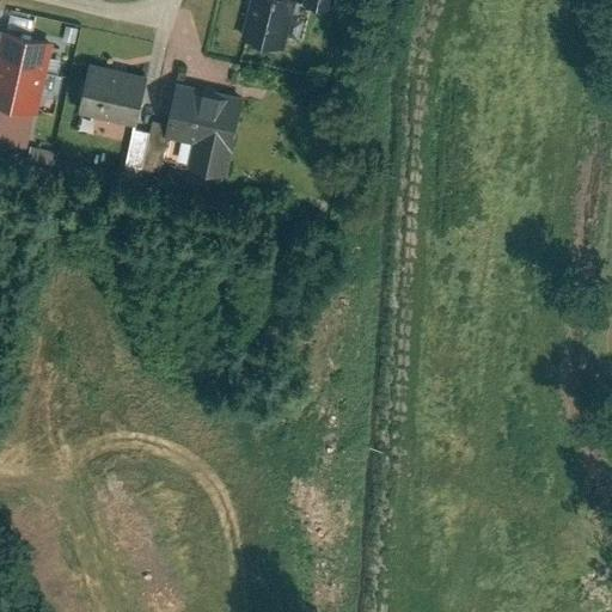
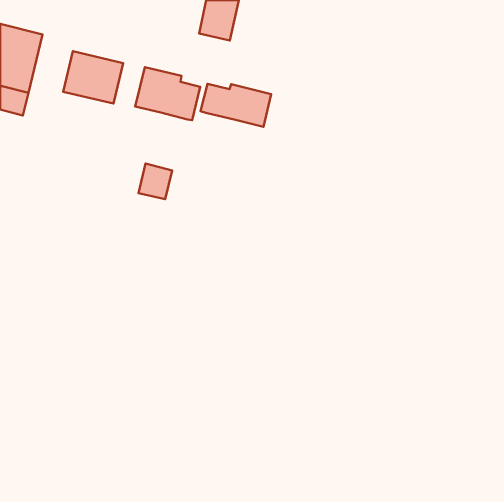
building: none -> [201,84,271,127]
building: [186,139,227,182] -> [138,164,172,199]

